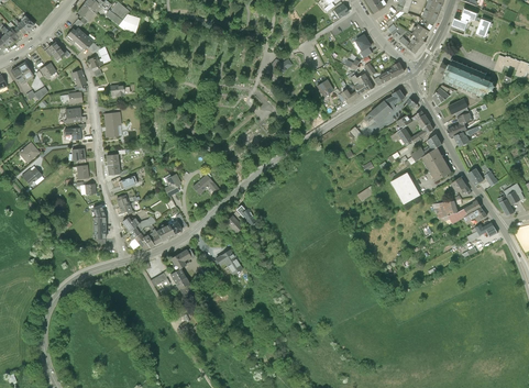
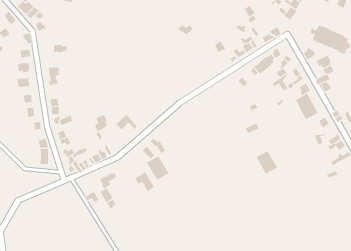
building: [392,173,420,203] -> [256,150,278,174]
building: none -> [146,156,170,181]

